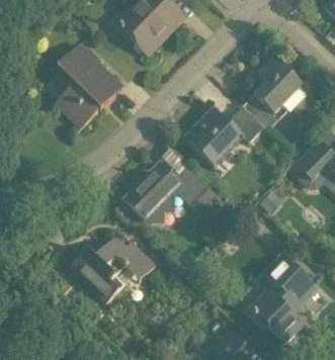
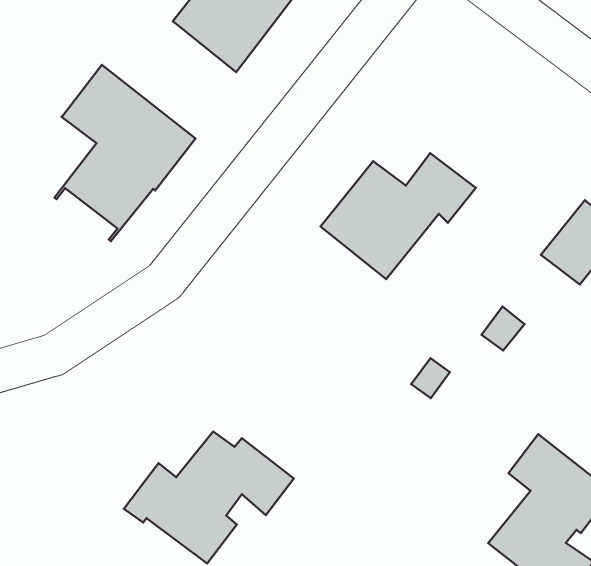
building: [242,57,302,129] -> none
building: [122,160,208,220] -> none

